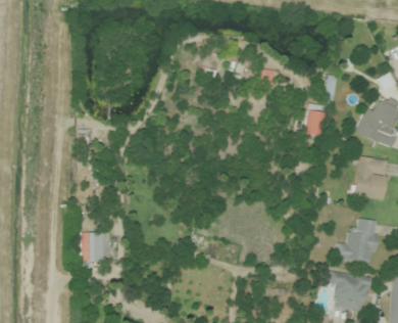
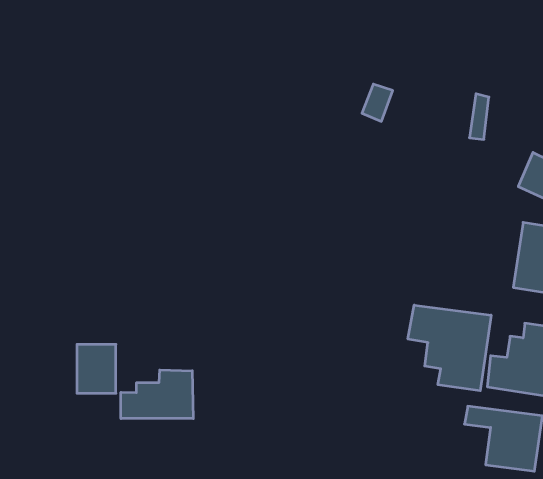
building: [305,103,327,136] -> none
building: none -> [408,305,491,391]
building: none -> [121,370,193,419]

